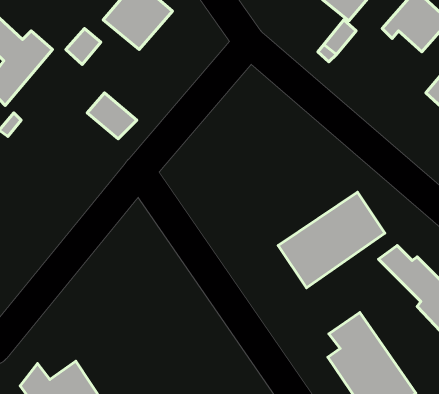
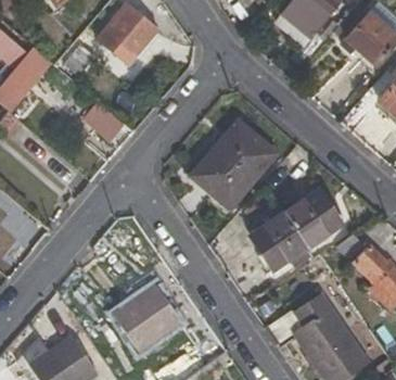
building: none -> [190,121,276,208]
building: none -> [113,286,181,352]

